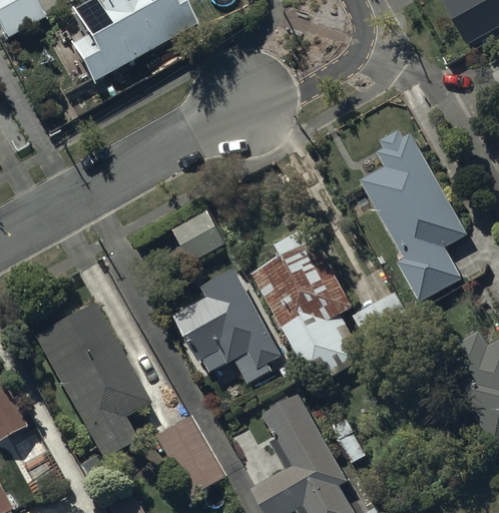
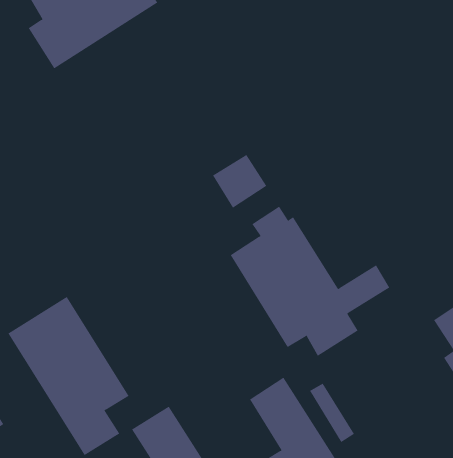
building: [361,129,468,301] -> none
building: [172,210,225,263] -> [212,154,267,208]
building: [173,269,283,384] -> none

